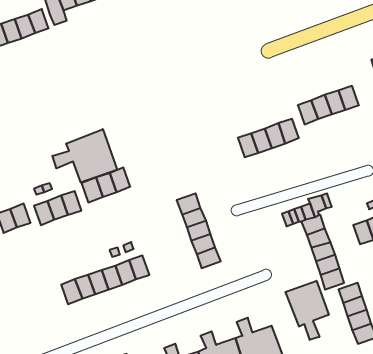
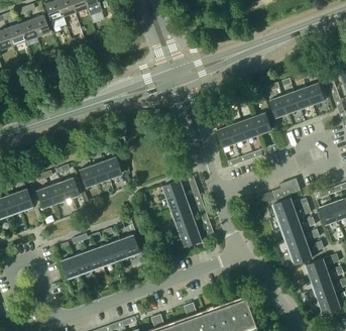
building: [52,129,117,183] -> none
building: [285,281,329,340] -> none

